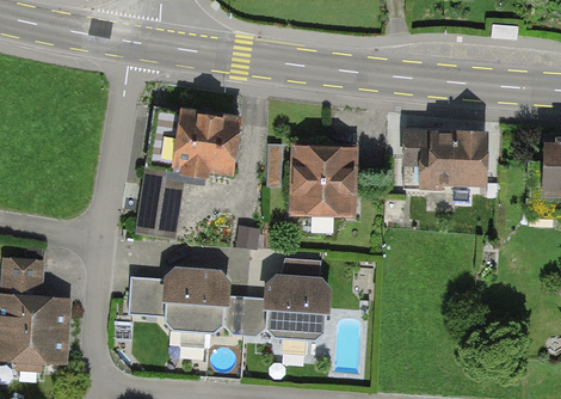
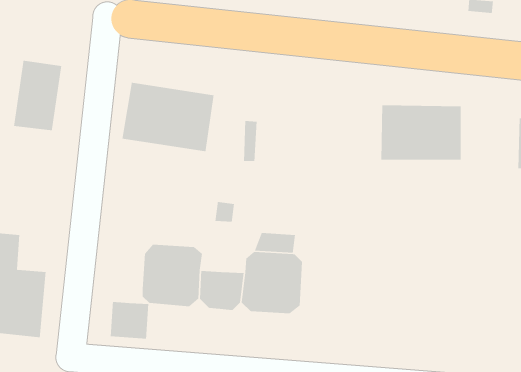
building: [290,145,358,214] -> none
building: [137,164,186,235] -> [13,60,62,131]
building: [130,276,169,314] -> [110,301,149,339]

